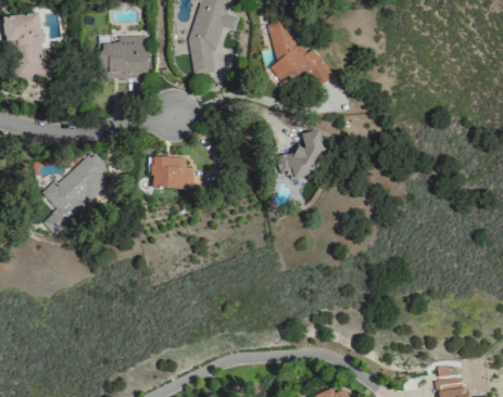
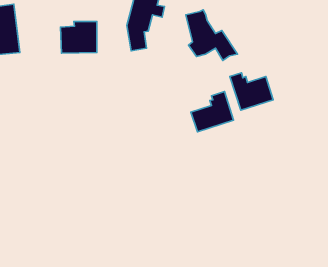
building: none -> [230,73,273,110]
building: [42,150,110,236] -> none
building: [153,157,194,188] -> none

